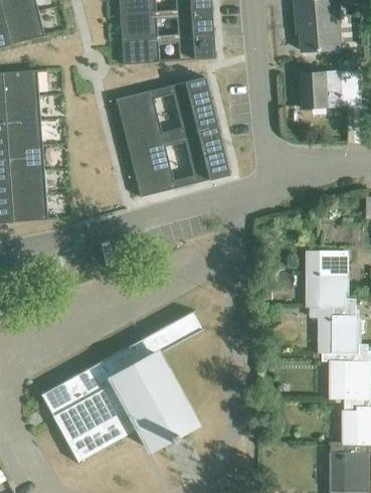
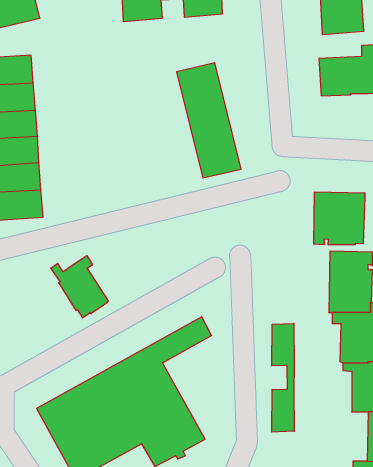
building: [120,32,213,64] -> none
building: [115,91,175,197] -> none
building: none -> [314,192,365,245]
building: none -> [51,256,108,318]
building: none -> [272,323,294,432]

